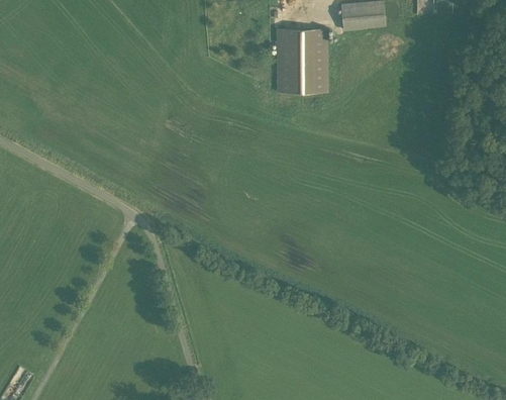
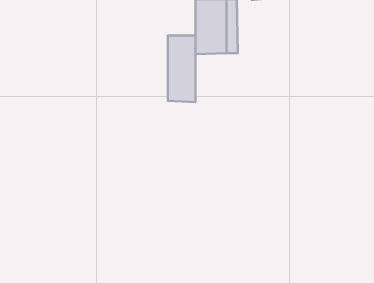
building: none -> [168,35,196,102]

